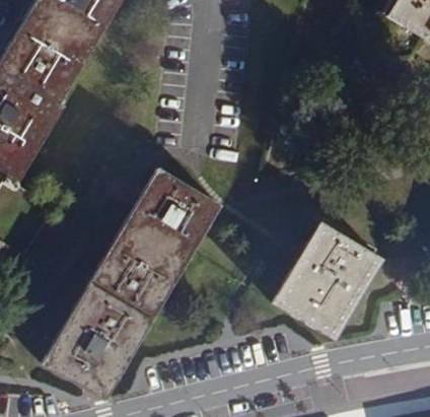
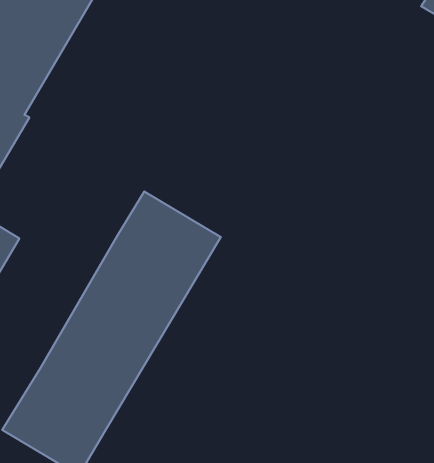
building: [273,223,383,341] -> none

